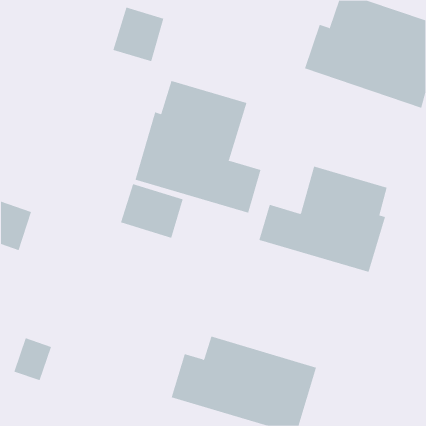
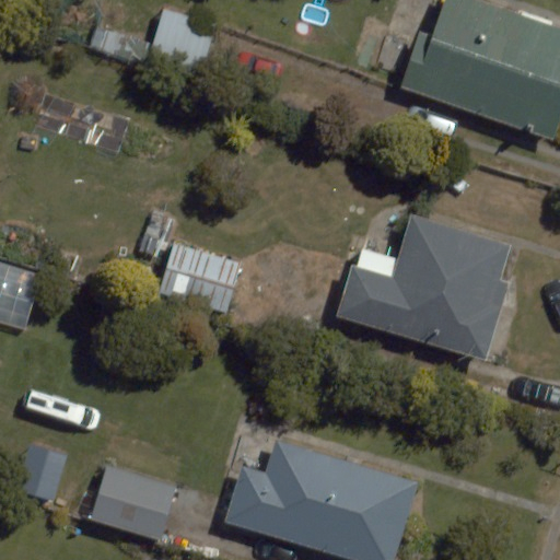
building: [135,80,261,213] -> none
building: none -> [93,466,176,536]

